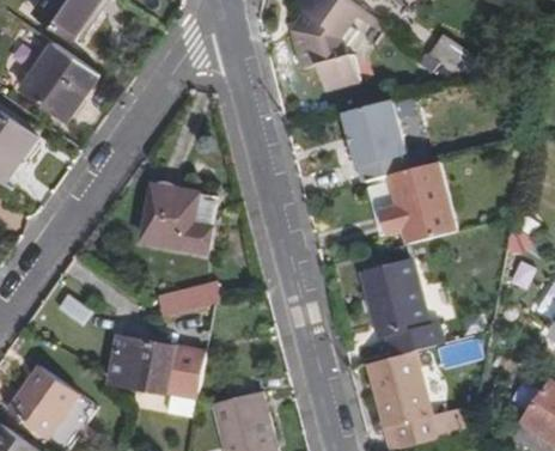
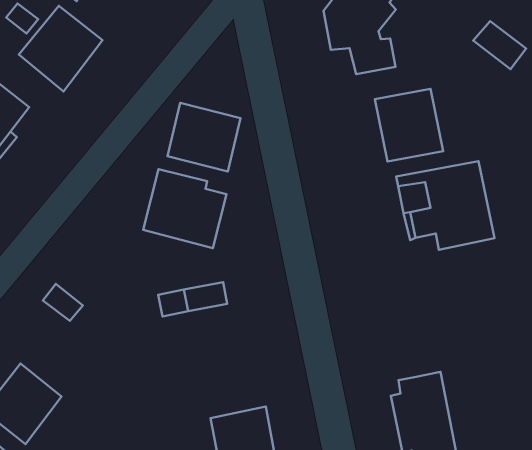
building: none -> [168,103,240,171]
building: [360,258,444,358] -> none
building: [110,337,203,395] -> none

